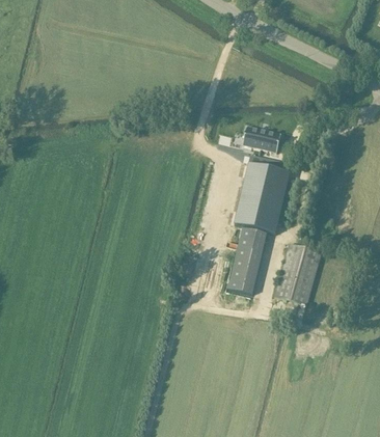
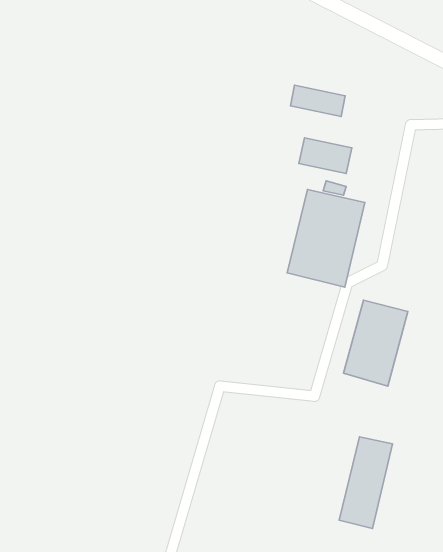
building: none -> [290,85,345,117]
building: [227,227,266,294] -> [339,437,392,529]

